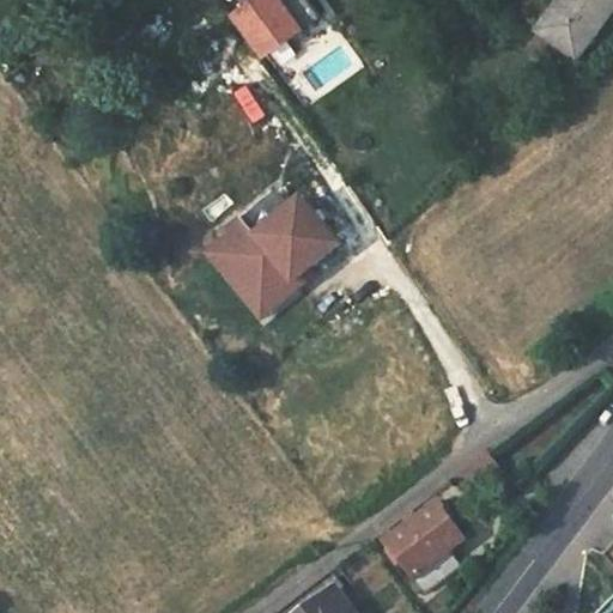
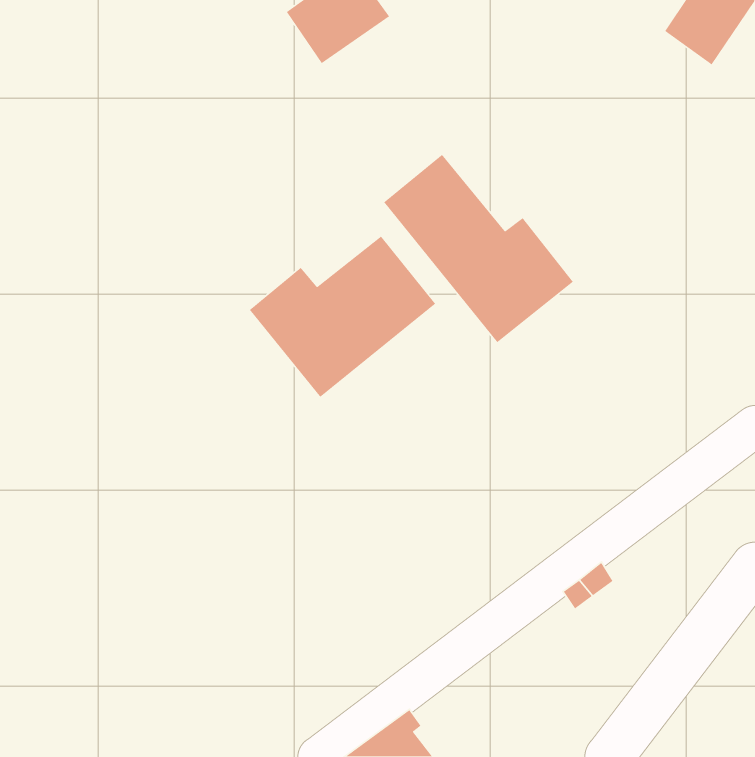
building: none -> [383,154,574,343]
building: [381,499,459,591] -> none

